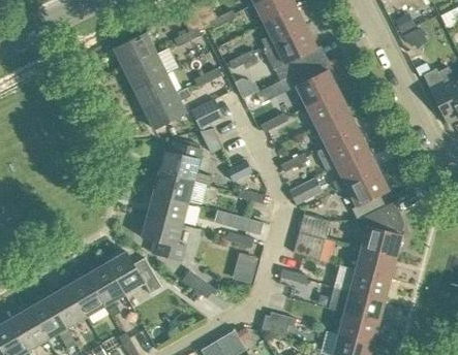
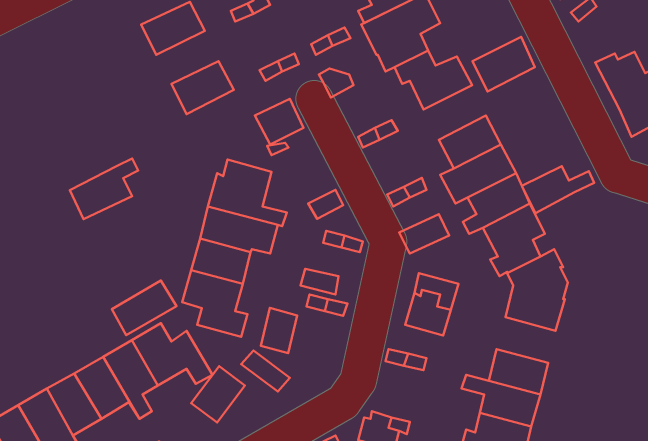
building: [123,53,165,89] -> none
building: [144,88,190,129] -> [70,158,138,219]
building: [305,90,347,127] -> [472,37,535,91]
building: none -> [522,166,594,213]
building: none -> [112,280,177,335]
building: [349,247,395,279] -> none
building: [235,249,259,280] -> [261,308,297,353]
building: none -> [191,366,245,422]

